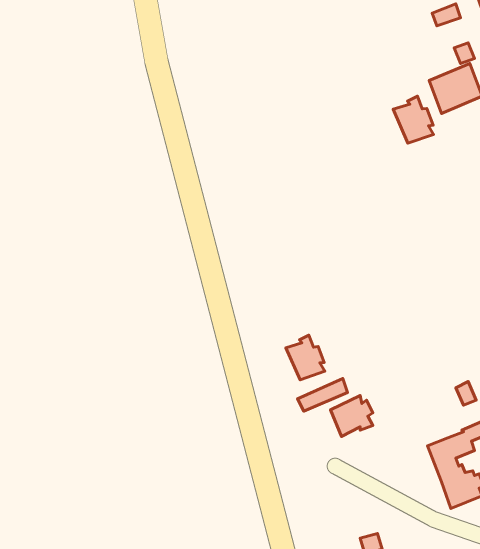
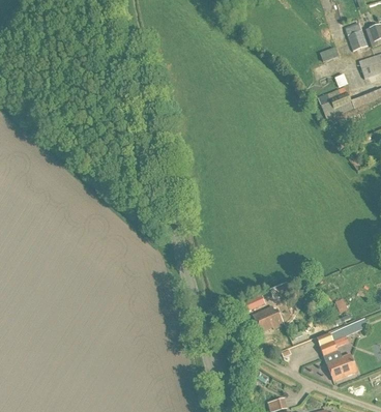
building: [393,96,433,143] -> none
building: [286,335,325,380] -> none

